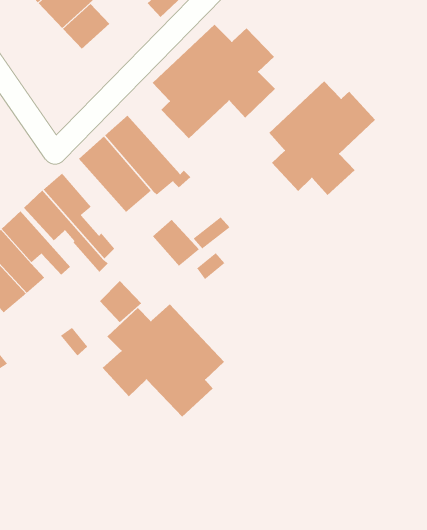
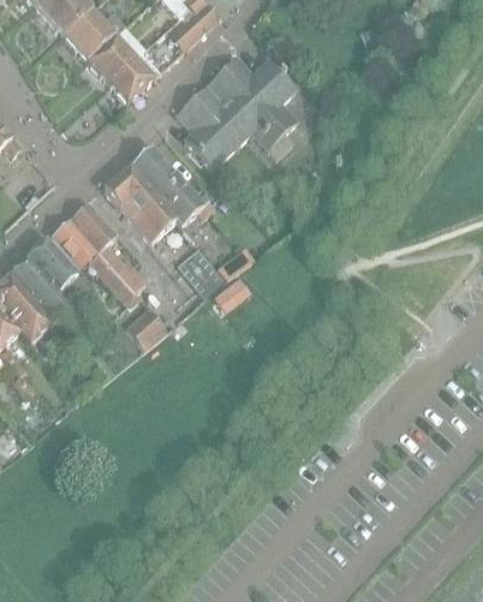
building: none -> [108,55,155,102]
building: [268,80,376,196] -> none
building: [102,304,225,418] -> none

